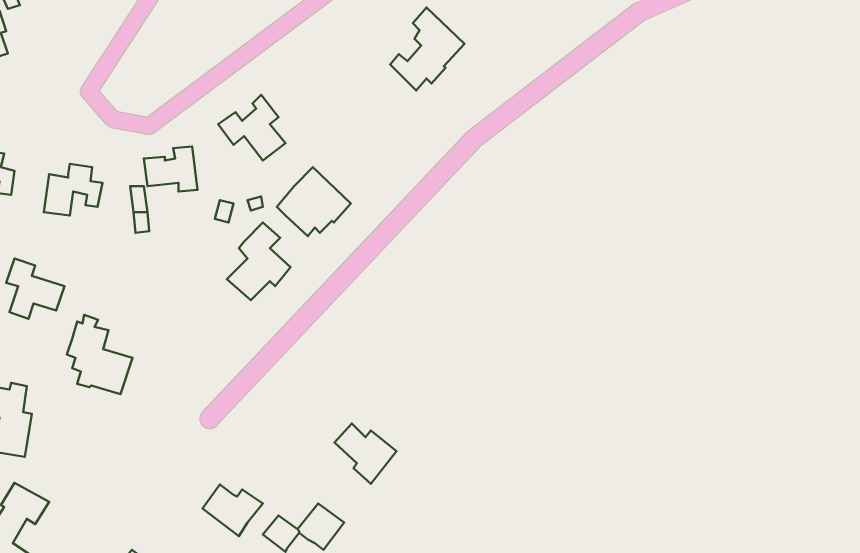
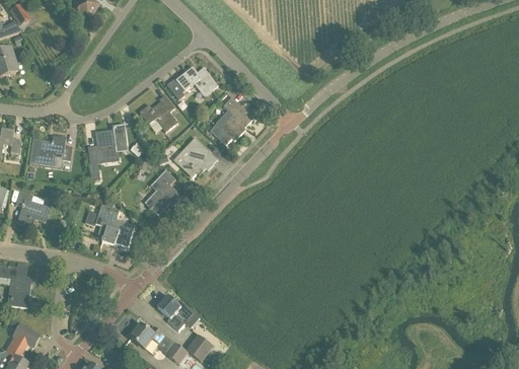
building: [390,8,464,90] -> [210,96,253,145]
building: none -> [175,67,218,96]
building: [67,315,133,394] -> [95,200,134,246]
building: [334,423,397,484] -> [157,295,194,330]

